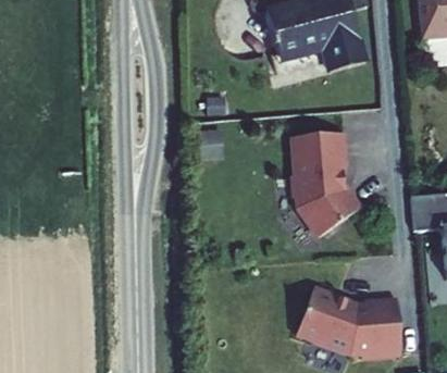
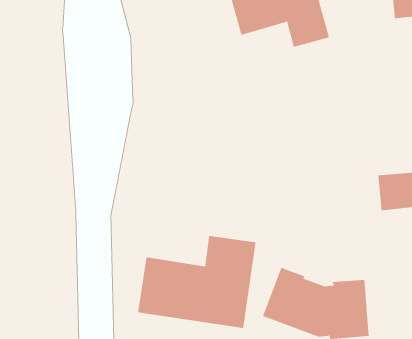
building: [290,132,361,236] -> none
building: none -> [138,235,256,329]

